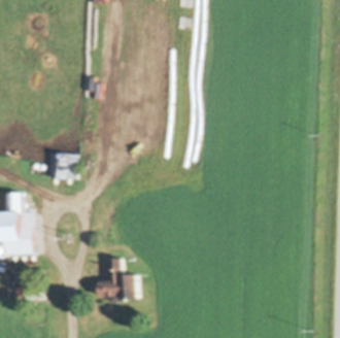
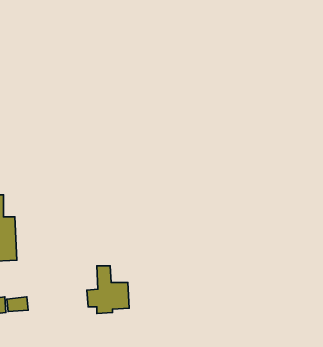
building: [49,154,75,178] -> none

